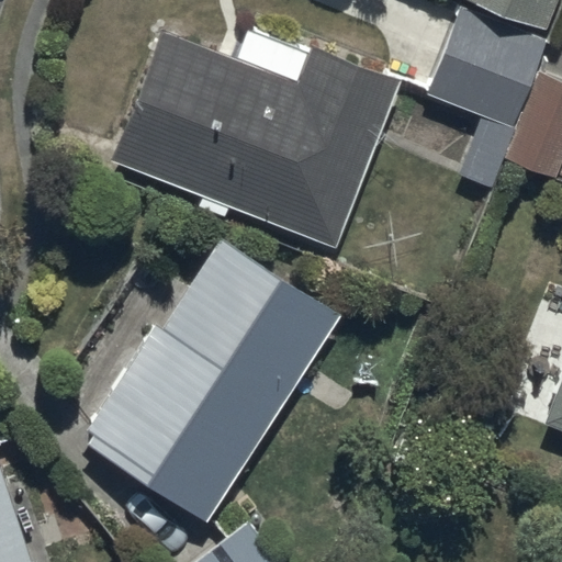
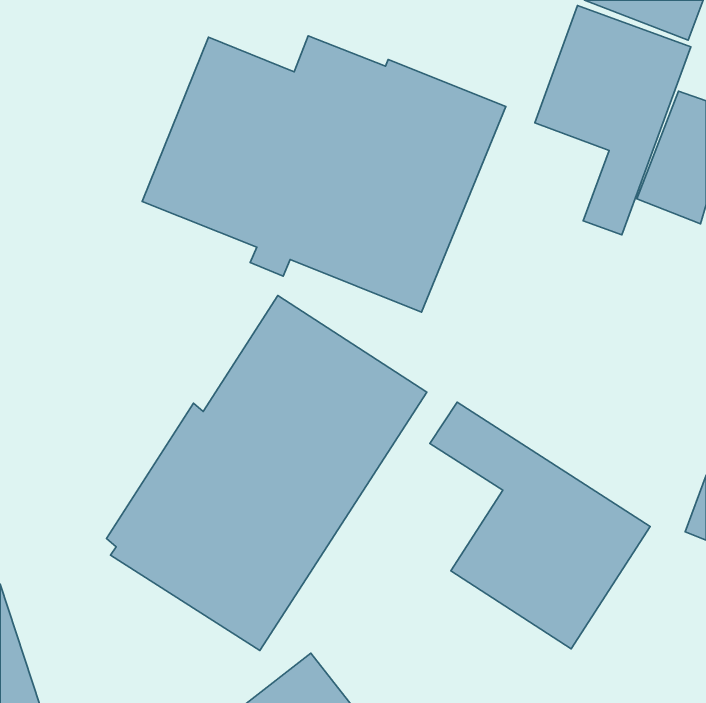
building: none -> [430,402,650,649]

